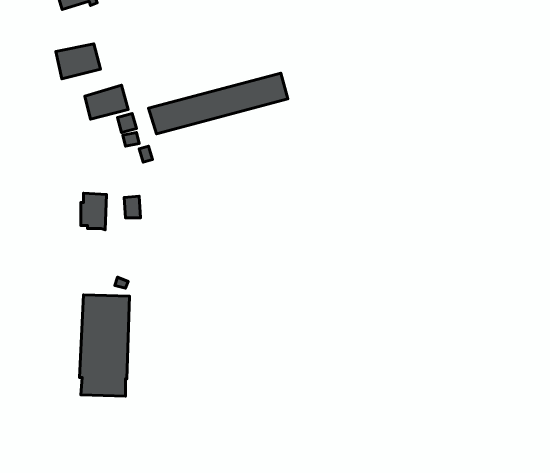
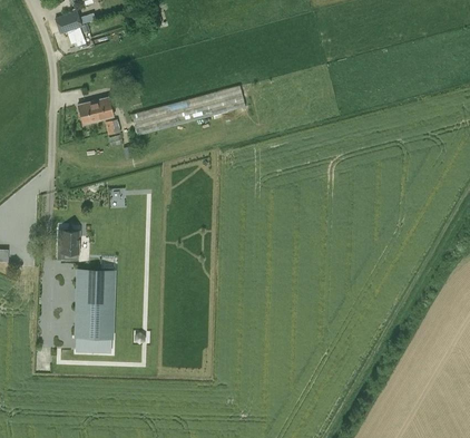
building: [56,44,101,79] -> none
building: [81,193,107,230] -> [58,230,79,260]

